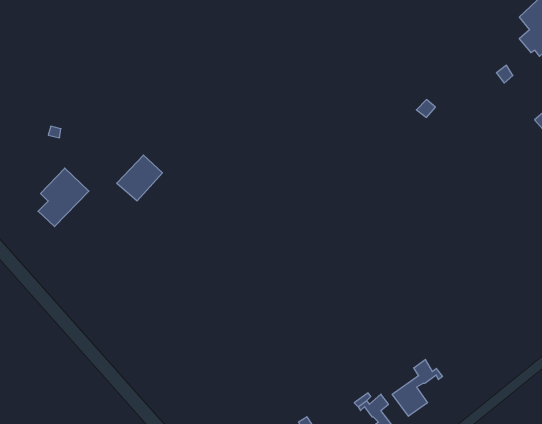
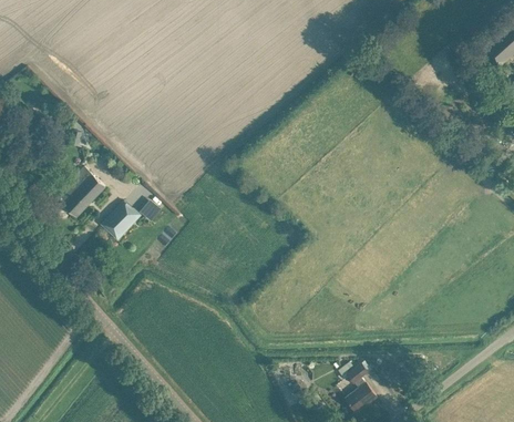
building: [117,155,162,201] -> [102,200,142,240]
building: [392,359,442,416] -> none

